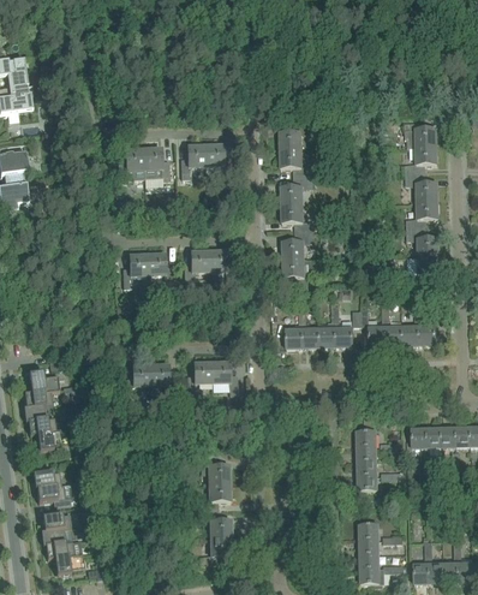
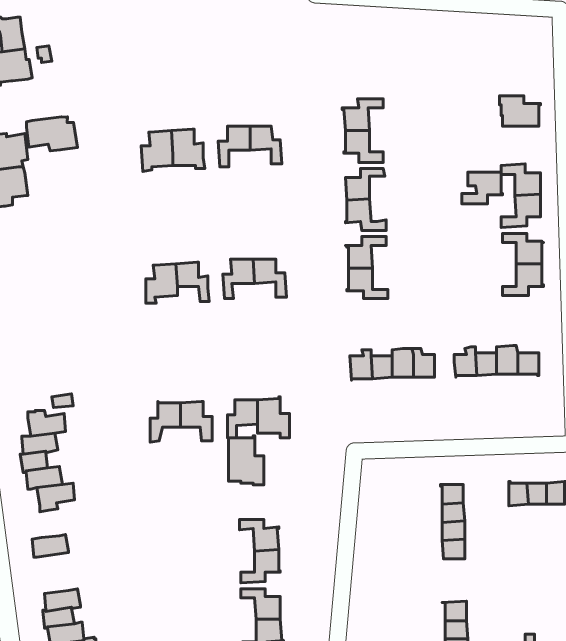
building: none -> [26,117,77,151]
building: [404,145,436,171] -> [462,172,503,204]
building: none -> [228,436,264,485]
building: [36,482,72,506] -> none

